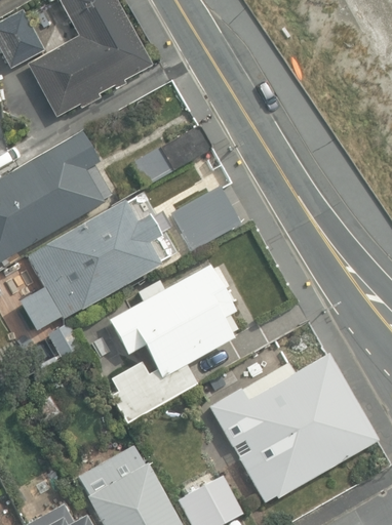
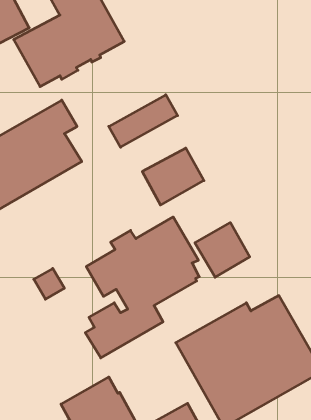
building: [19,201,172,331] -> none
building: none -> [195,223,250,277]

